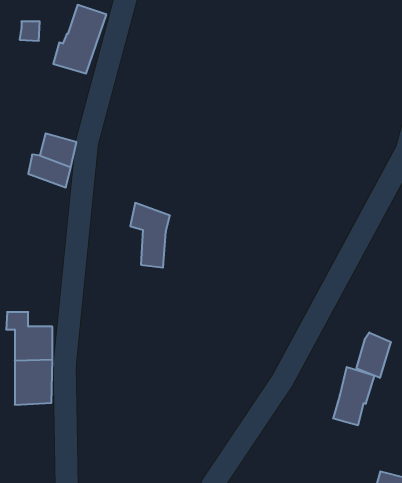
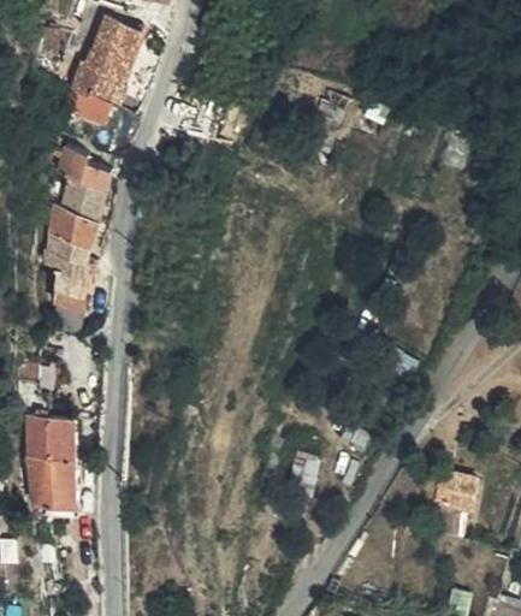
building: none -> [59,149,109,189]
building: [130,203,170,268] -> [43,230,93,310]
building: [357,332,391,378] -> none

